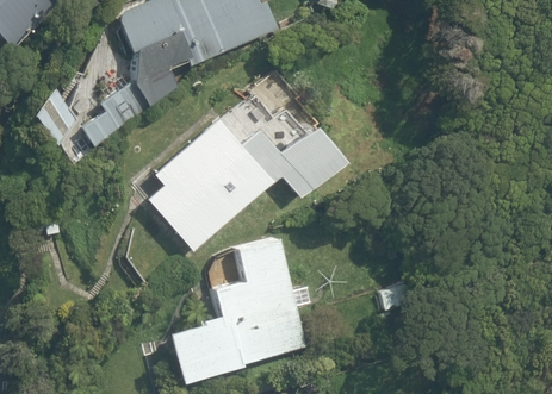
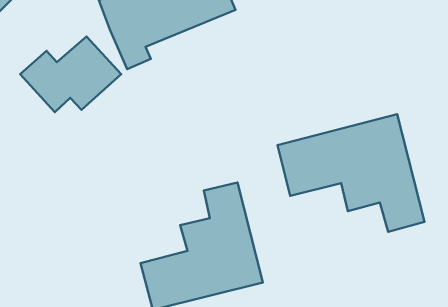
building: [147,115,343,251] -> none
building: none -> [277,114,425,232]

